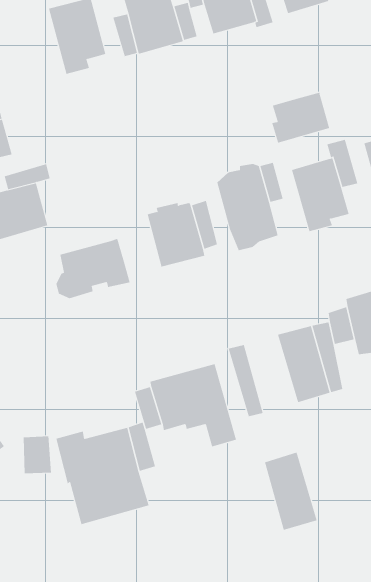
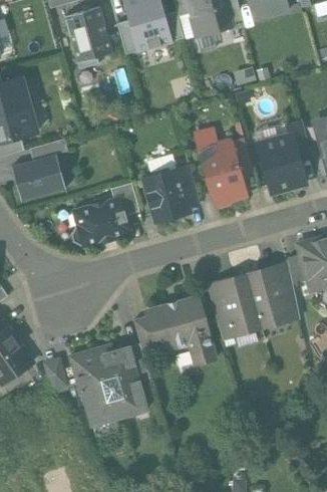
building: [271,92,330,143] -> none
building: none -> [110,183,139,215]
building: [264,452,317,531] -> [221,274,263,336]

